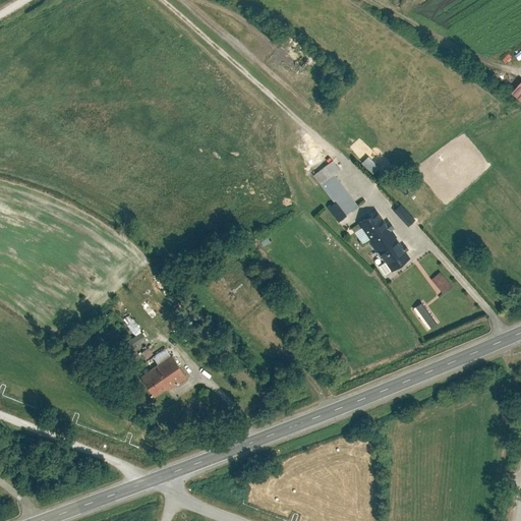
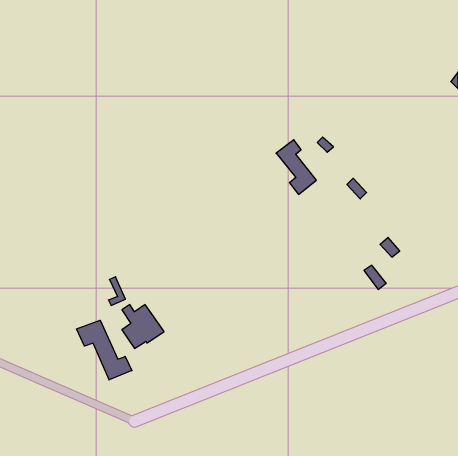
building: [359,211,411,272] -> none
building: none -> [76,320,132,380]

